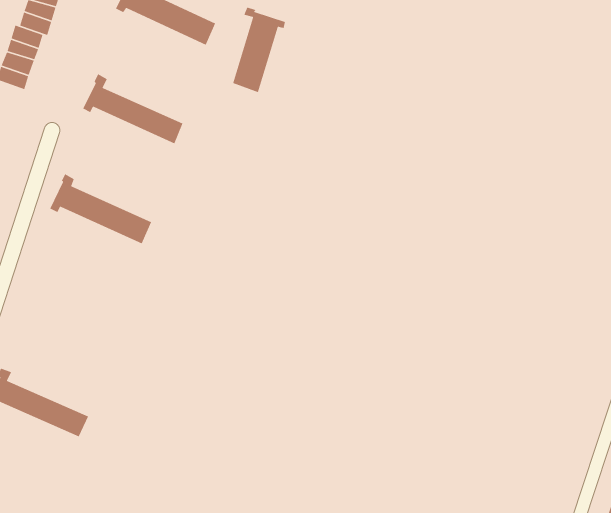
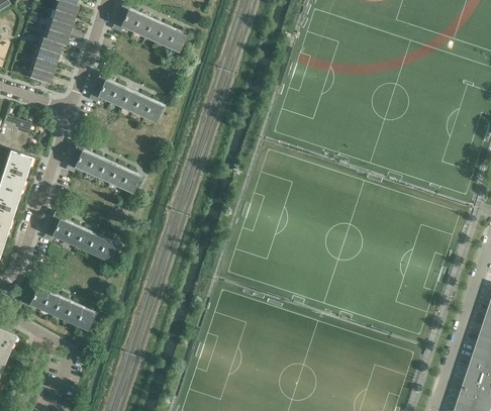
building: [232,6,286,93] -> none
building: none -> [44,210,116,260]

